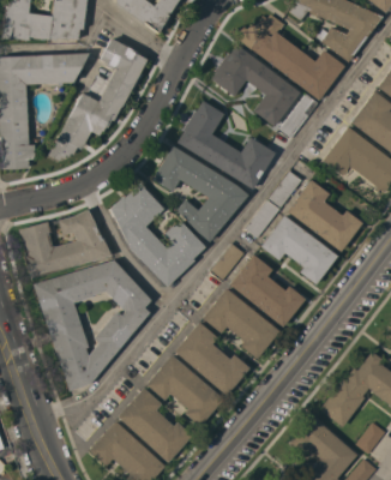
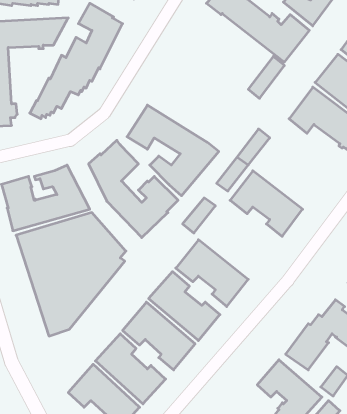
building: [211,44,300,126] -> none
building: [178,100,275,188] -> none
building: [287,179,362,251] -> none
building: [229,254,305,326] -> none

